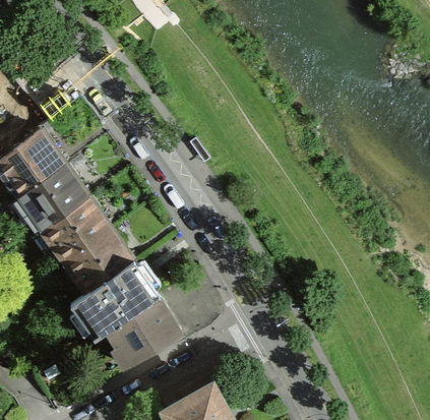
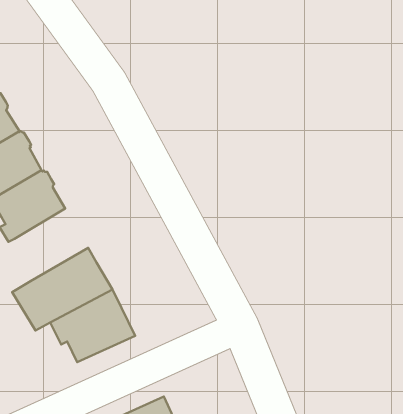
building: [66,228,131,294] -> none

